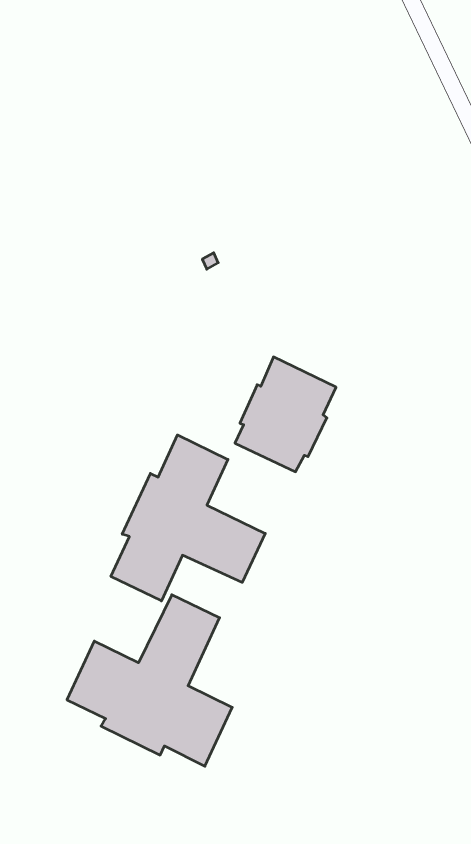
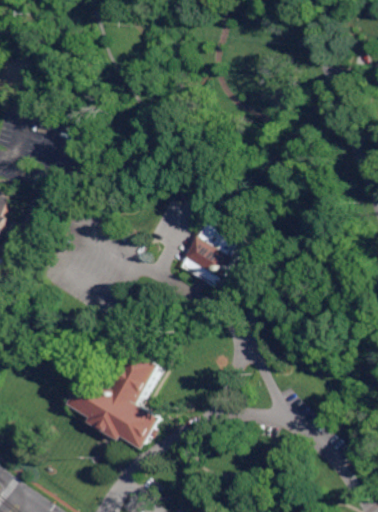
building: [111,435,265,601] -> none

